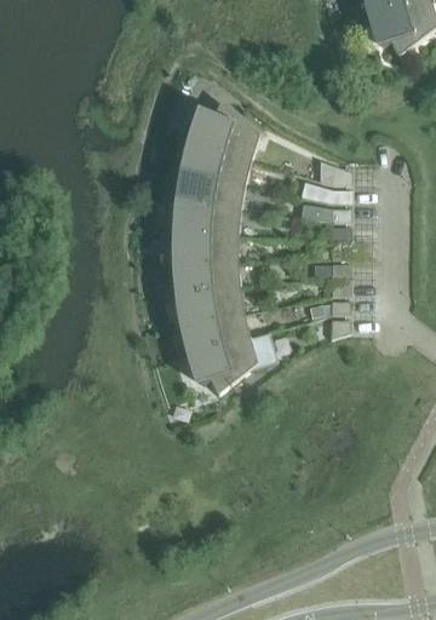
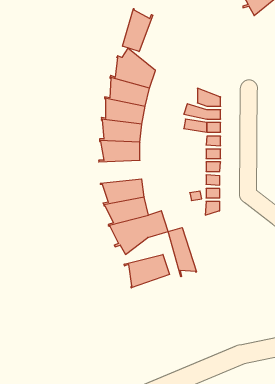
building: none -> [123,9,153,52]
building: [172,263,233,295] -> none
building: none -> [168,228,196,277]
building: none -> [124,254,169,288]

